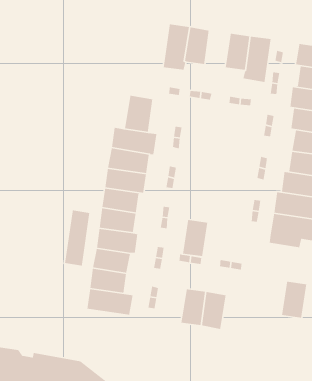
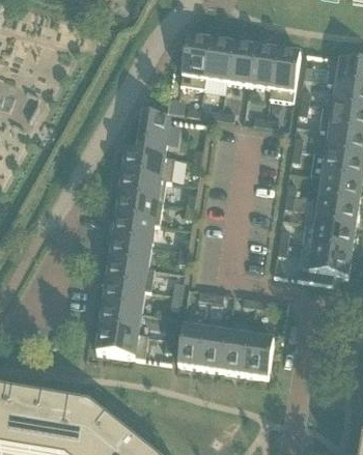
building: none -> [227,39,255,81]
building: [64,209,90,266] -> none
building: [182,219,208,257] -> [177,321,206,363]
building: [281,281,307,318] -> [245,332,274,373]

